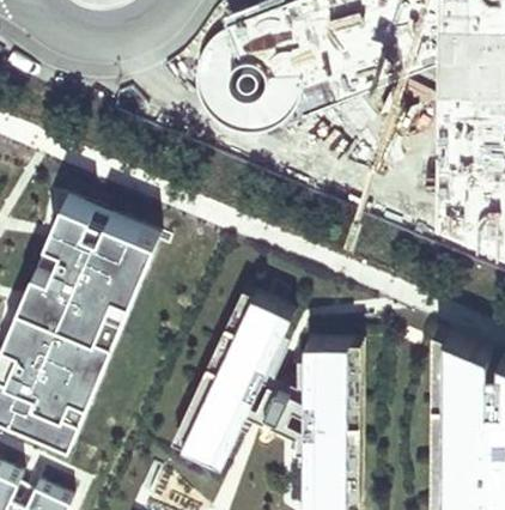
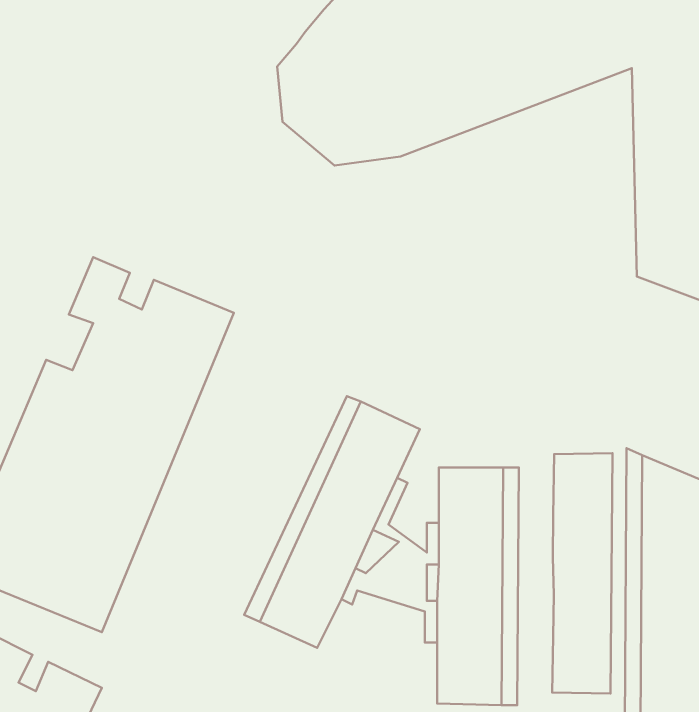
building: none -> [552,453,612,693]

